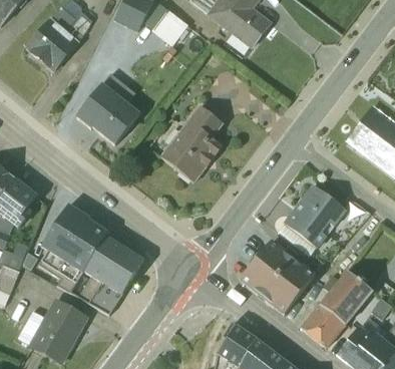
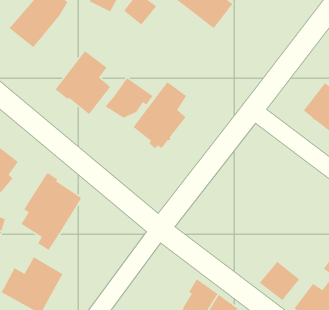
building: none -> [104,77,154,119]
building: [277,185,345,256] -> none
building: [77,236,143,314] -> none
building: [241,241,314,313] -> none
building: [320,271,371,323] -> none

